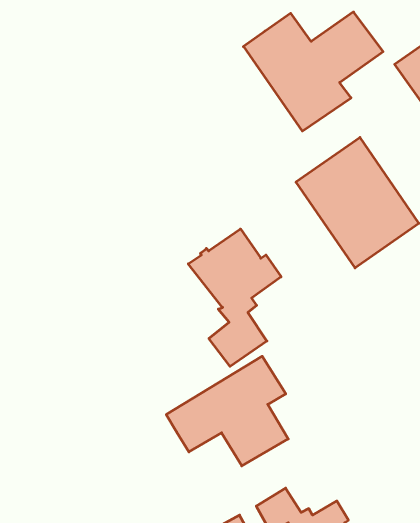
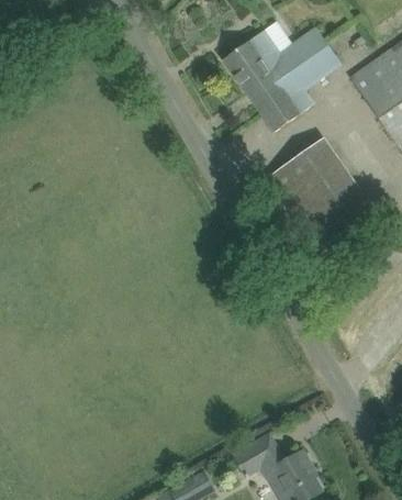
building: [188,229,281,366] -> none
building: [166,356,288,466] -> none

